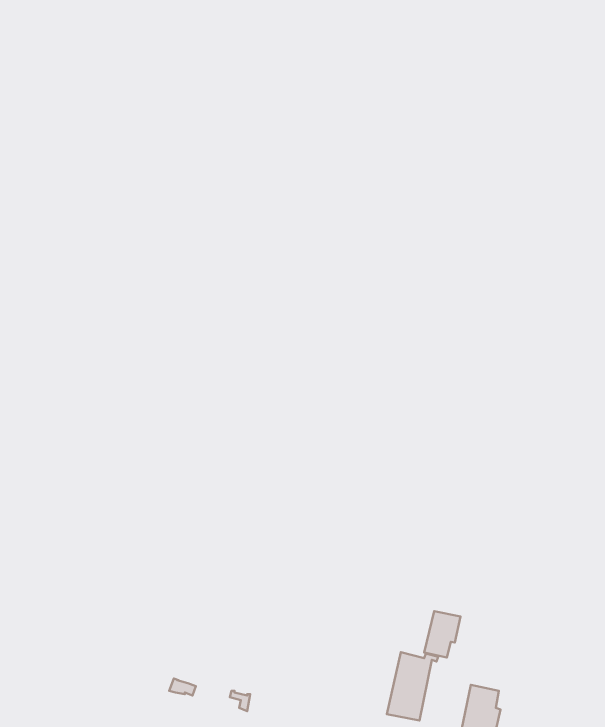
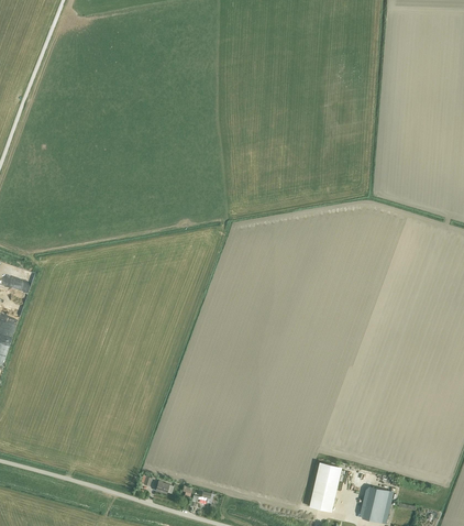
building: [424,611,460,657] -> none

